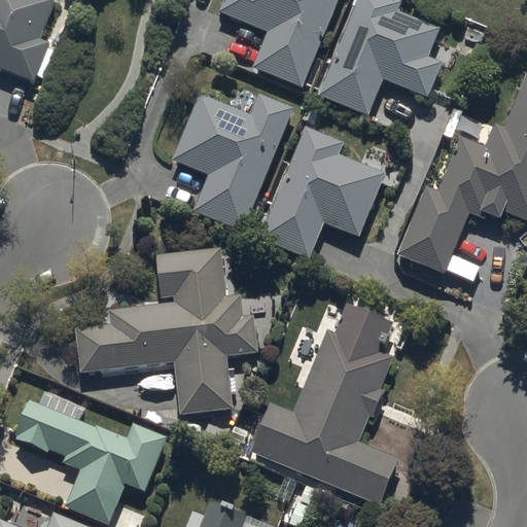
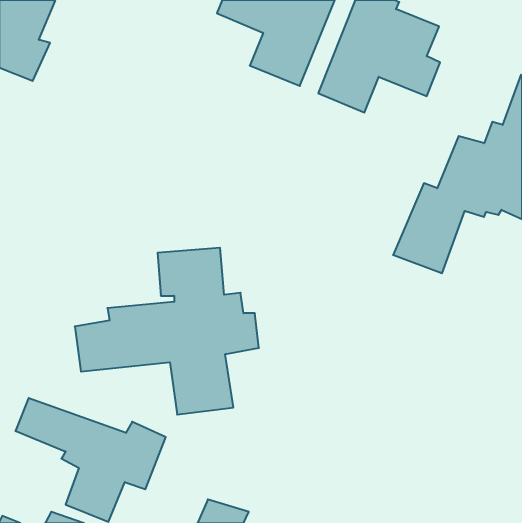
building: [169,92,297,234] -> none
building: [261,127,384,255] -> none
building: [253,303,398,503] -> none

